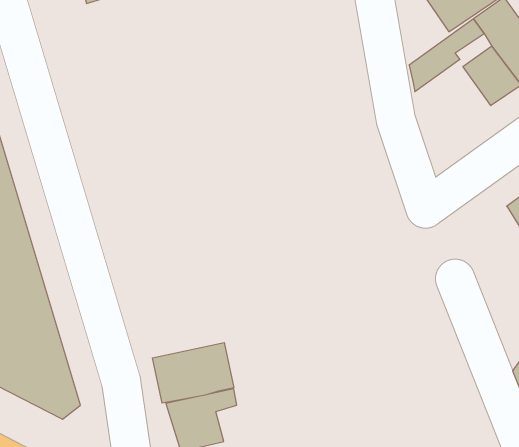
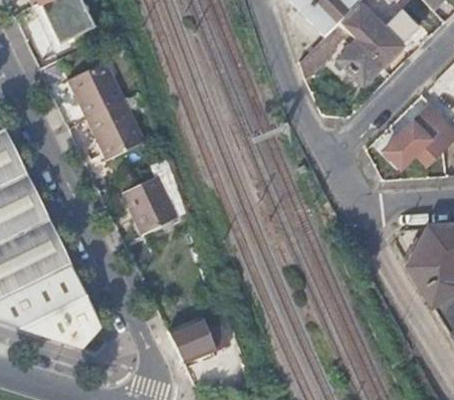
building: none -> [69,59,143,156]
building: none -> [123,177,175,231]
building: [152,343,234,403] -> none

